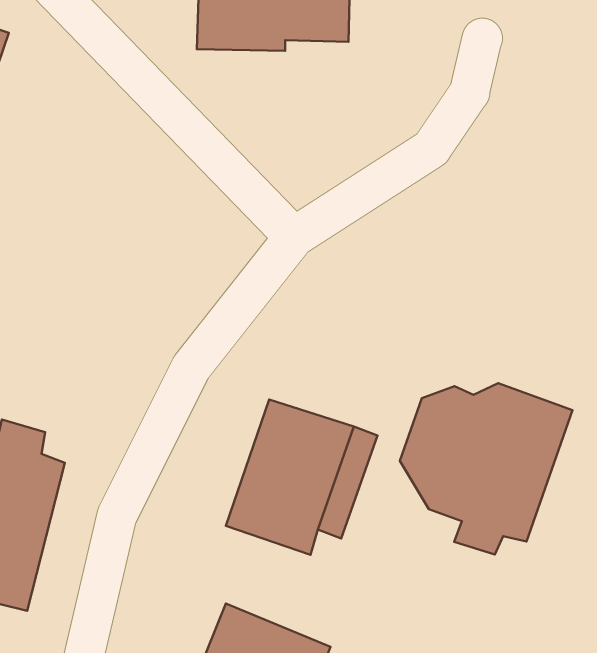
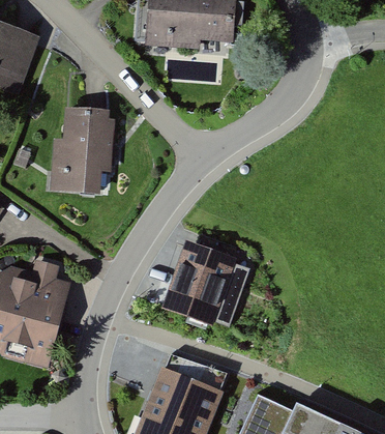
building: none -> [47,107,116,196]
building: [400,383,573,555] -> none

